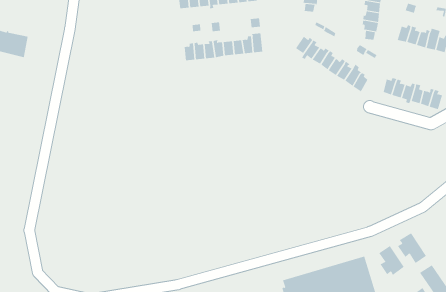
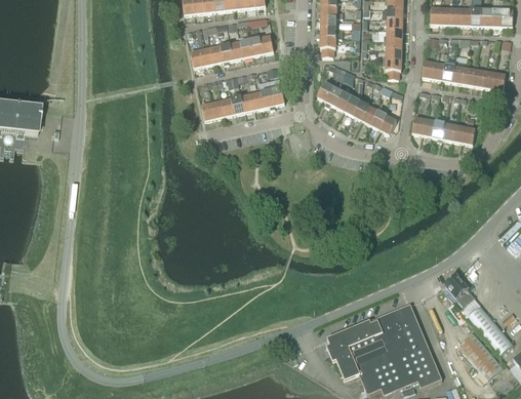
building: [378,245,405,276] -> none

